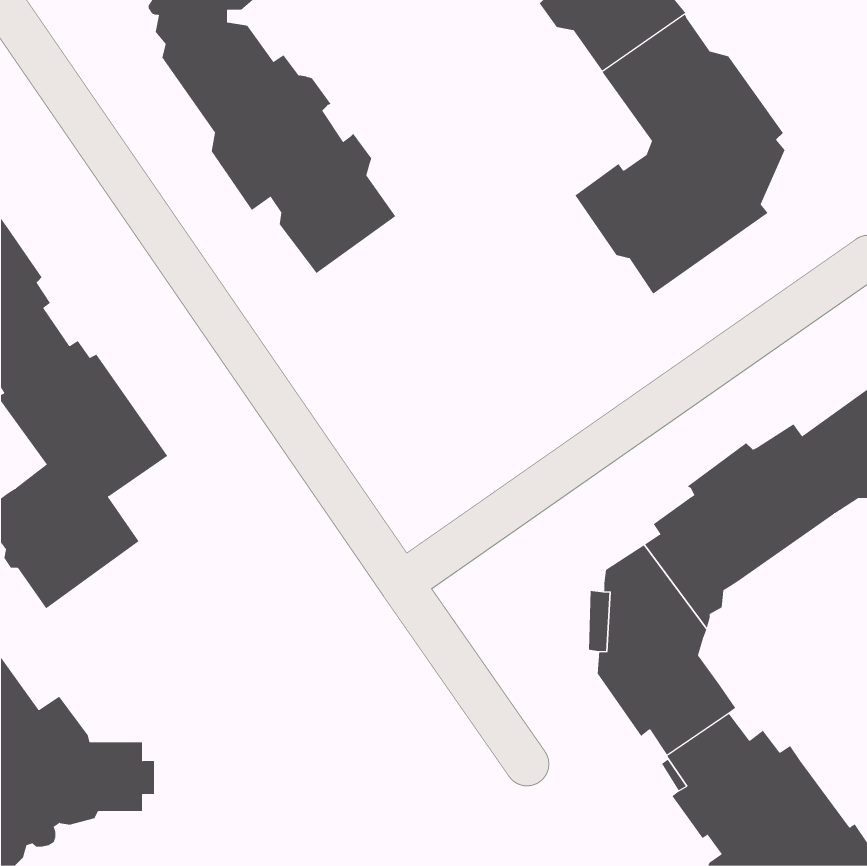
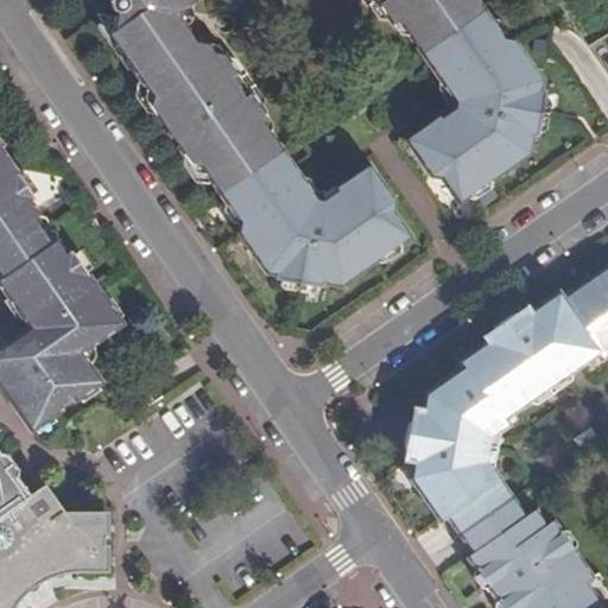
building: none -> [222,150,413,293]

